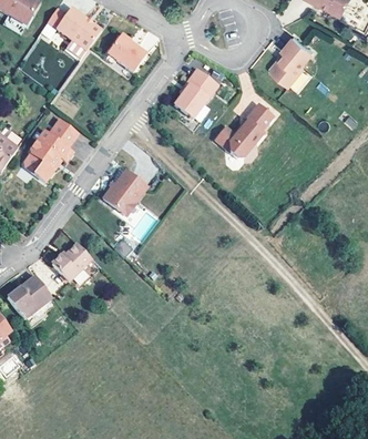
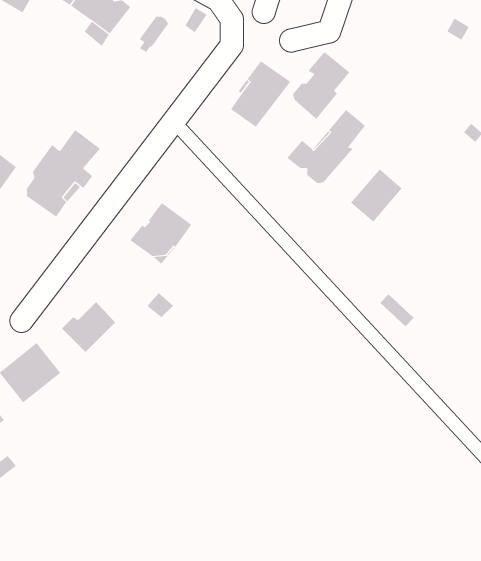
building: [269,37,311,86] -> [292,51,350,120]
building: [116,44,146,73] -> none
building: none -> [350,168,403,222]

